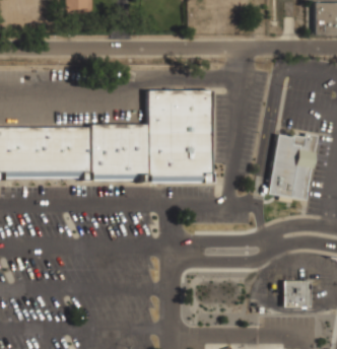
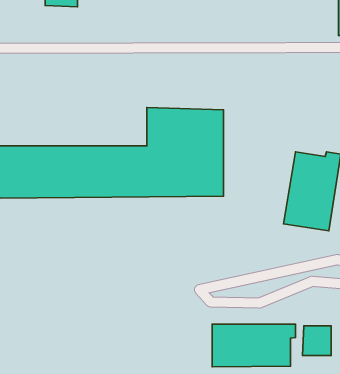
building: none -> [212,324,296,367]

